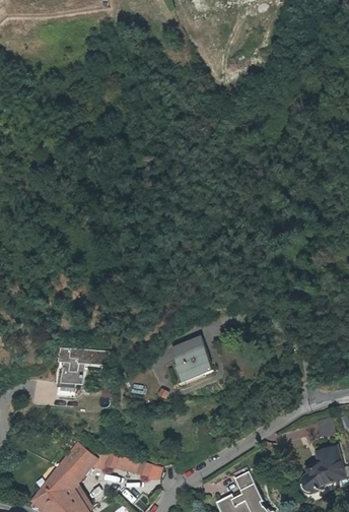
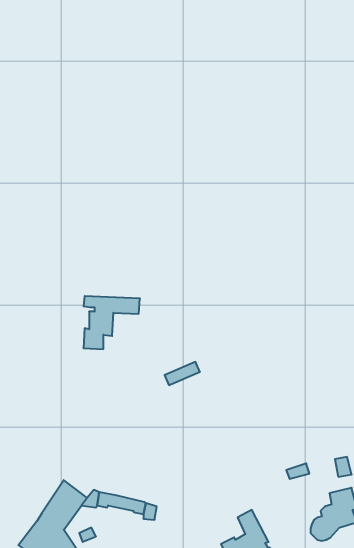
building: [171,344,210,376] -> none
building: [54,349,106,398] -> [83,296,140,349]

